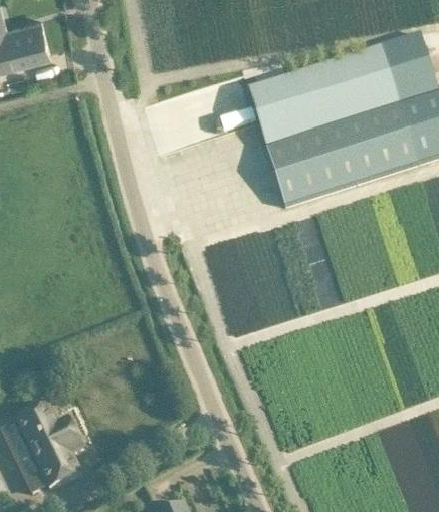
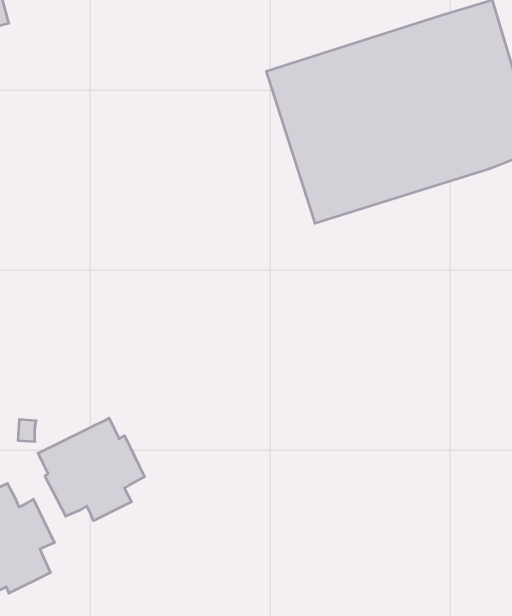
building: none -> [38,418,144,521]

